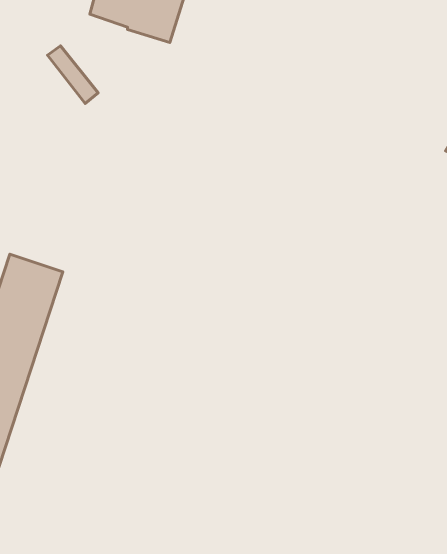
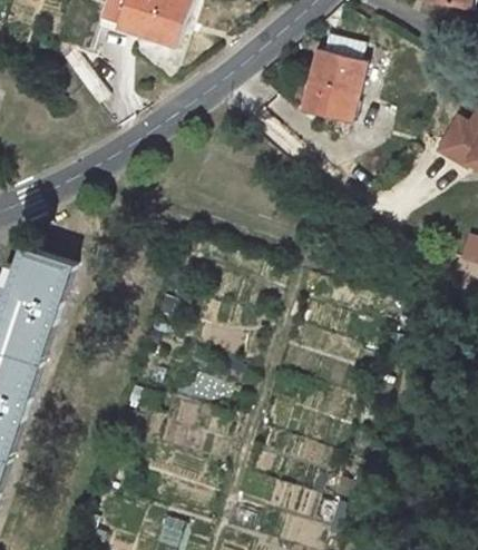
building: none -> [303,49,364,120]

